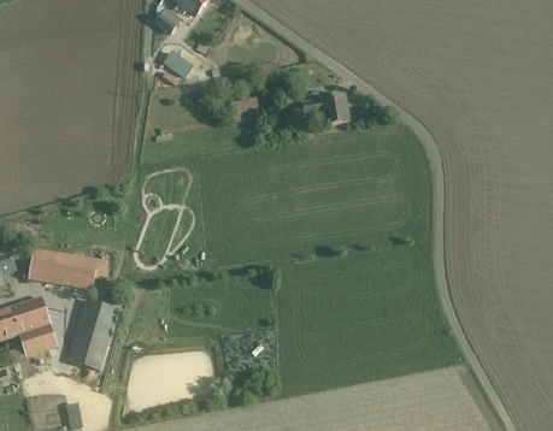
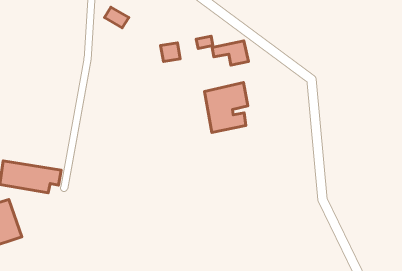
building: none -> [204,82,248,132]
building: [69,296,118,370] -> none

